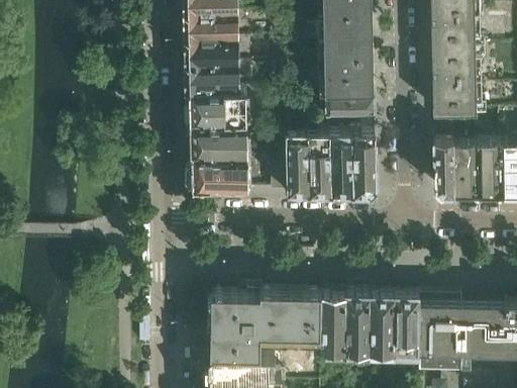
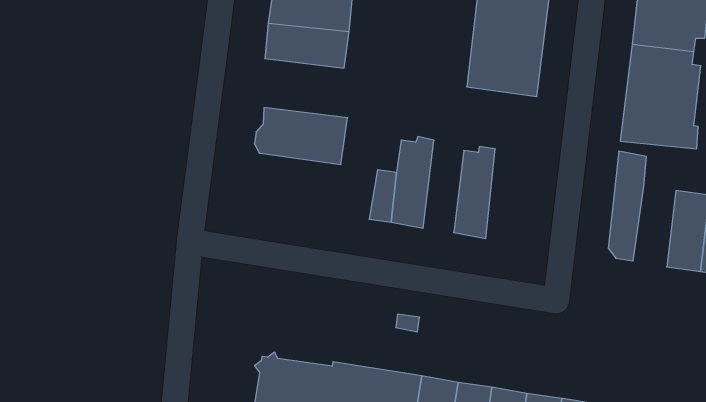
building: [185,93,246,127] -> none
building: [324,94,374,115] -> none
building: [307,133,329,194] -> none
building: [349,133,375,195] -> none
building: [453,144,477,197] -> none
building: [186,159,247,192] -> none

